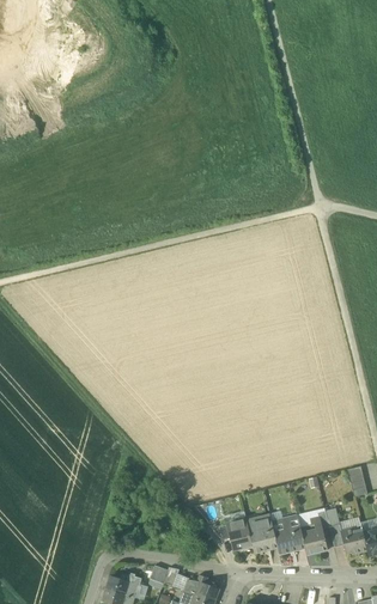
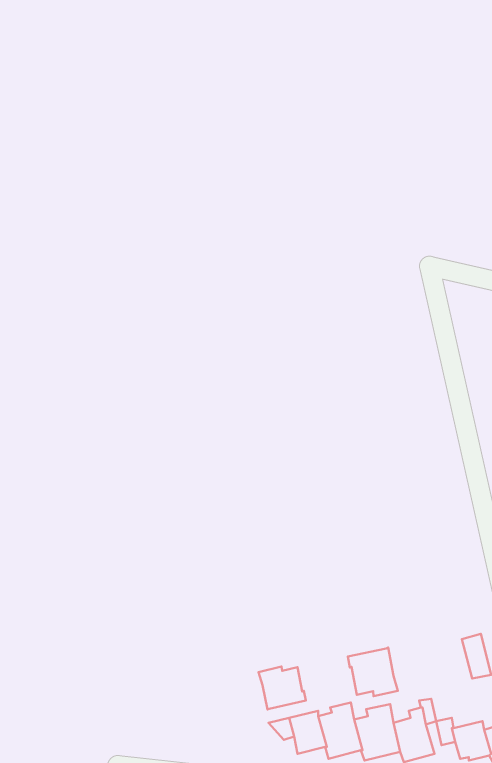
building: none -> [348,648,398,696]
building: none -> [259,667,306,709]

